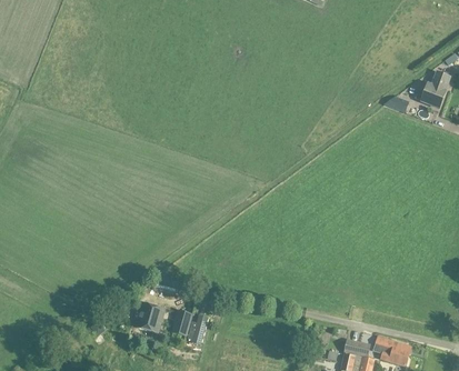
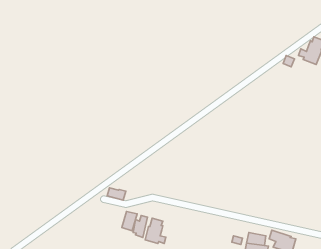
building: [134,303,163,333] -> none
building: none -> [145,218,166,244]

